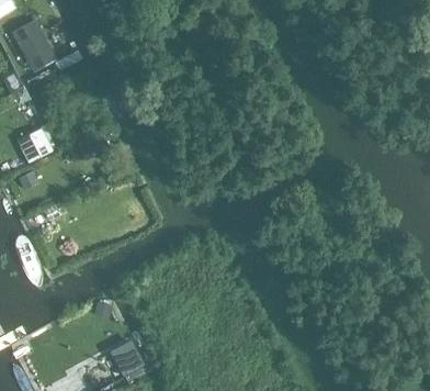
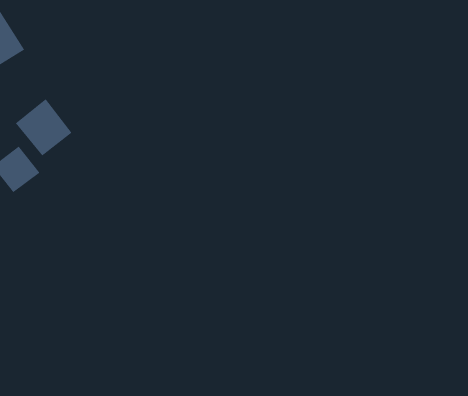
building: none -> [15,98,72,157]

